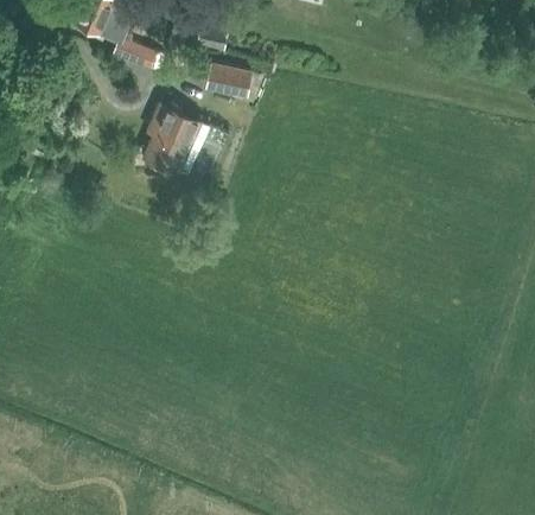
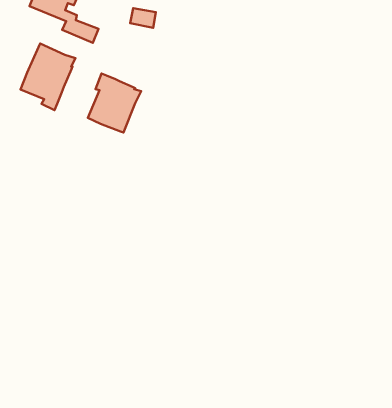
building: [203,62,251,98] -> none
building: none -> [21,44,76,110]

